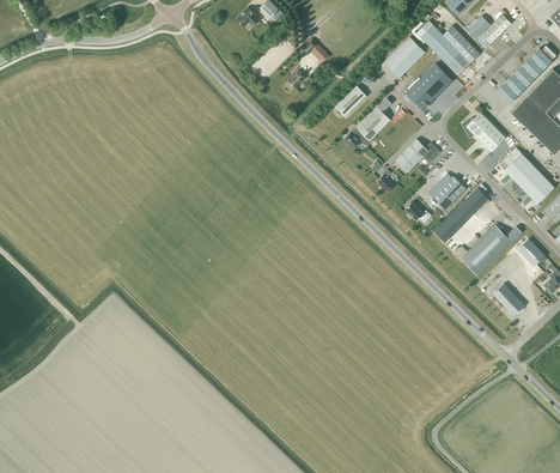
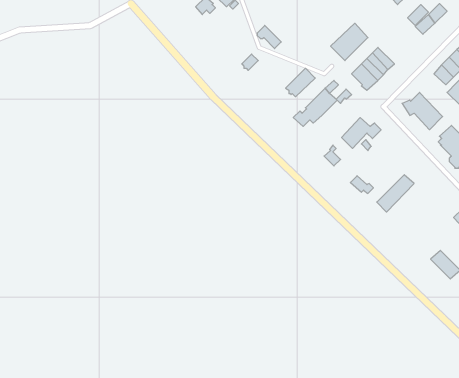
building: [416,20,480,75] -> none
building: [433,175,467,210] -> none
building: [454,224,512,275] -> none

